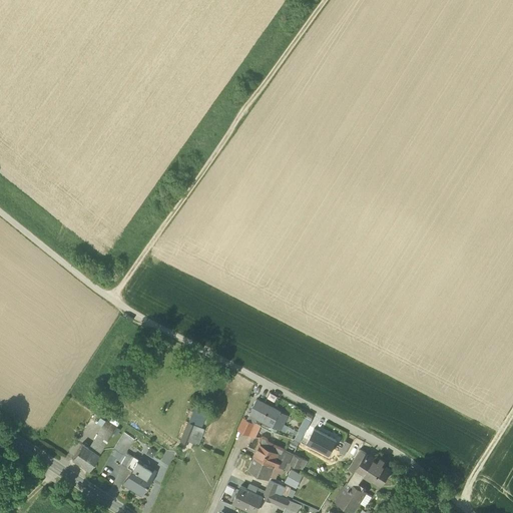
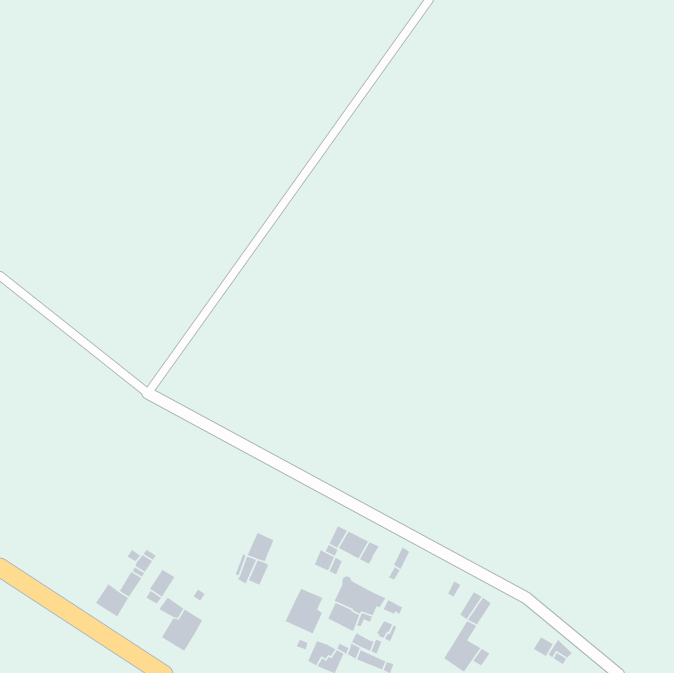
building: [307,429,337,455] -> none
building: none -> [285,588,323,634]
building: [364,457,391,485] -> none

